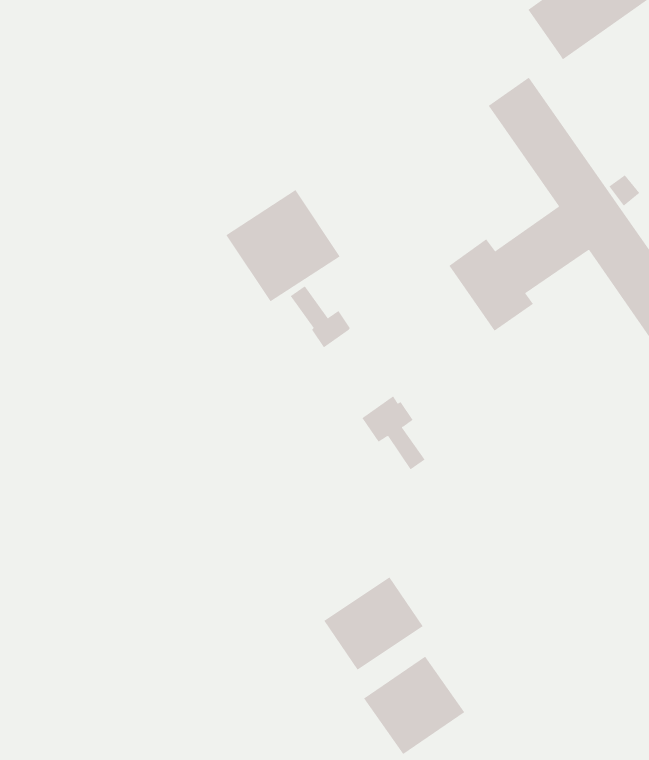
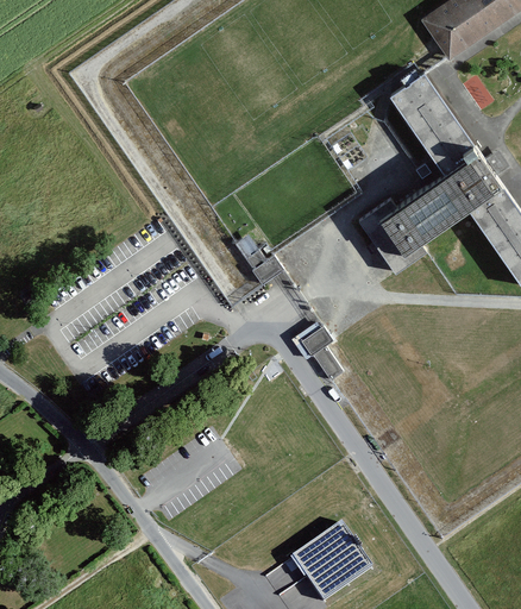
building: [226,189,340,302] -> none
building: [324,577,423,671] -> none

